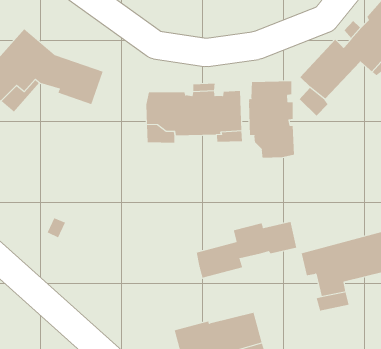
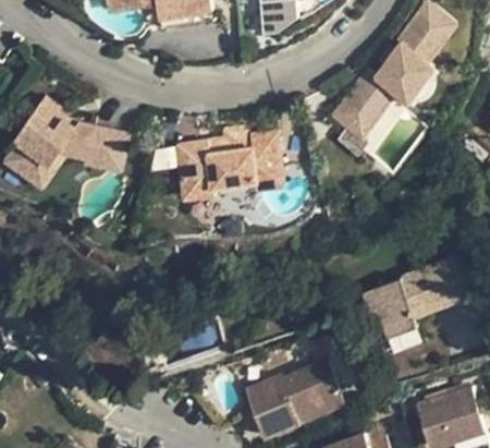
building: [249,80,295,158] -> none
building: [196,221,297,278] -> none

